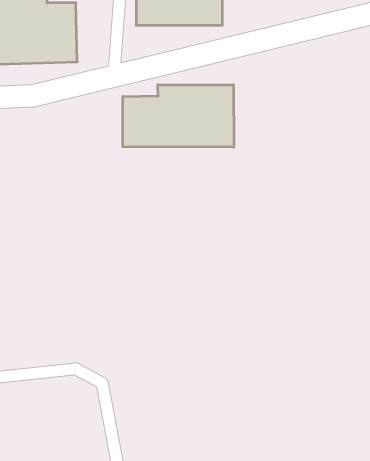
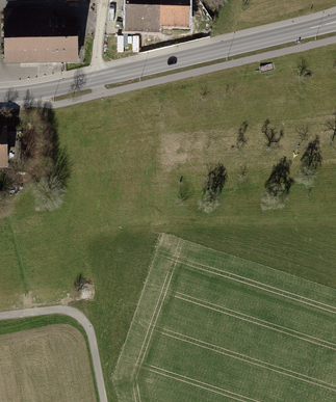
building: [123,85,234,147] -> none

